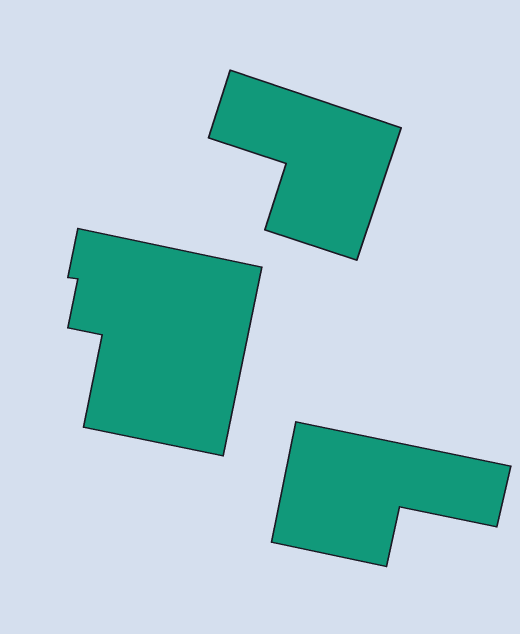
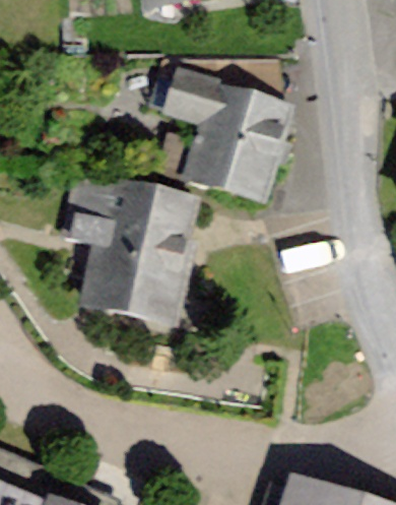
building: [271,422,511,566] -> none

